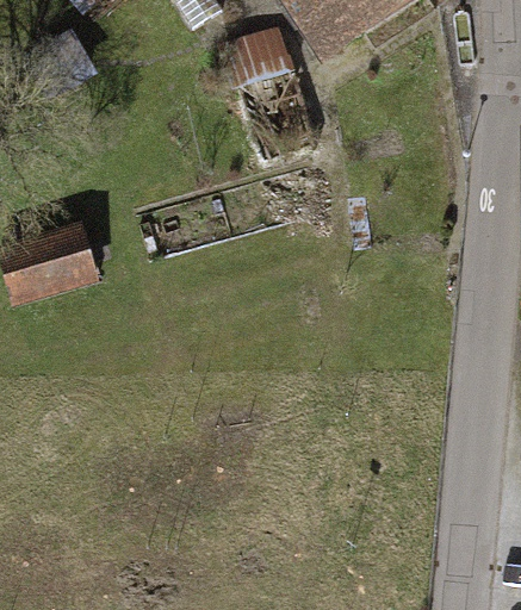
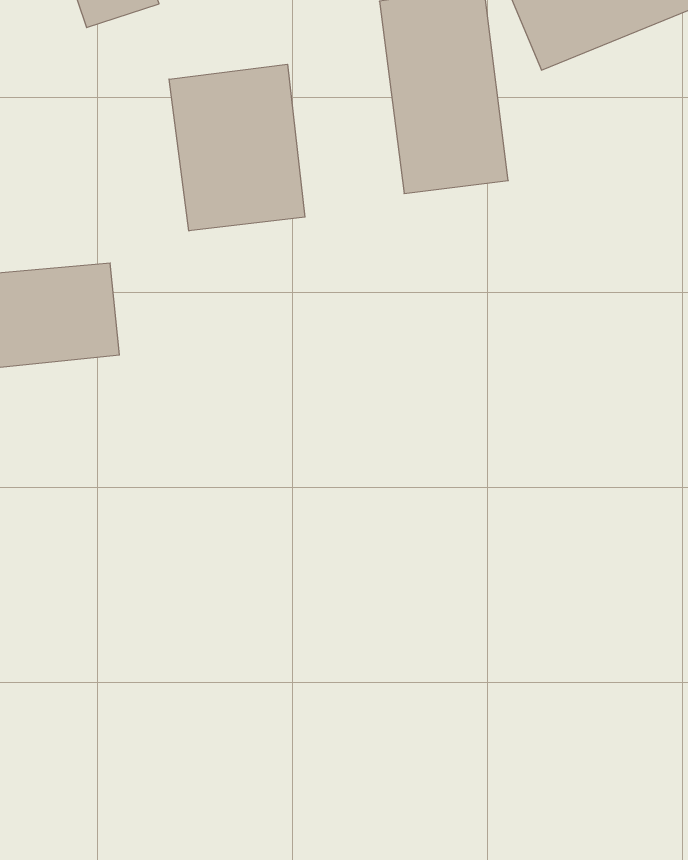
building: none -> [169,64,305,231]

